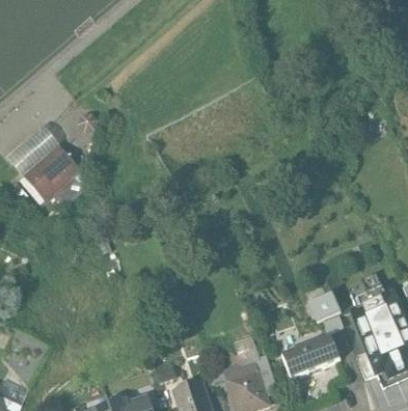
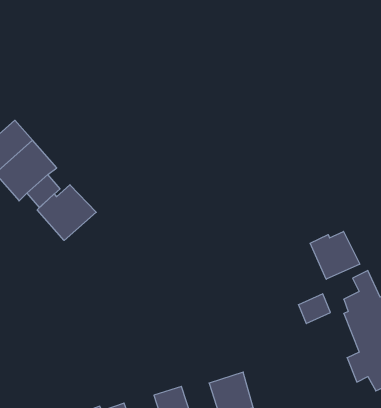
building: none -> [37,185,96,240]
building: none -> [310,231,360,279]
building: [281,336,338,378] -> none

